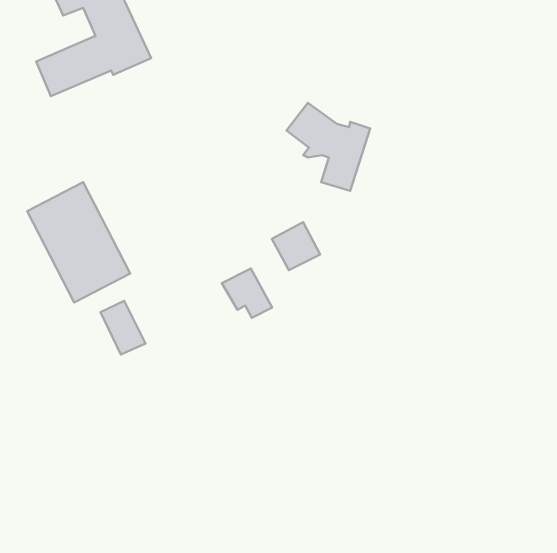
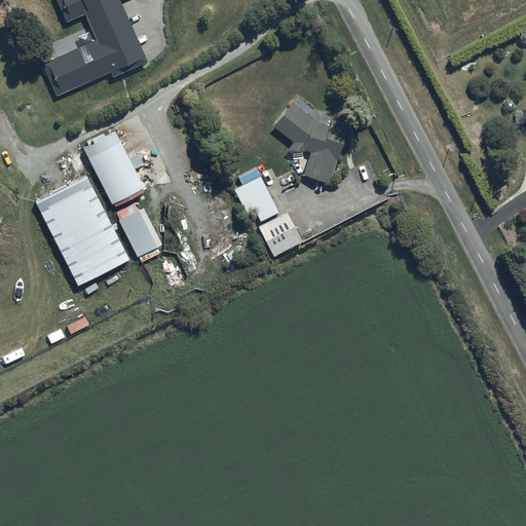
building: none -> [84,133,145,208]
building: [222,269,272,318] -> [233,176,279,221]
building: [101,301,145,355] -> [120,208,161,257]

